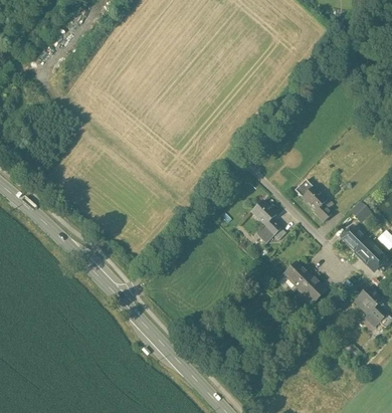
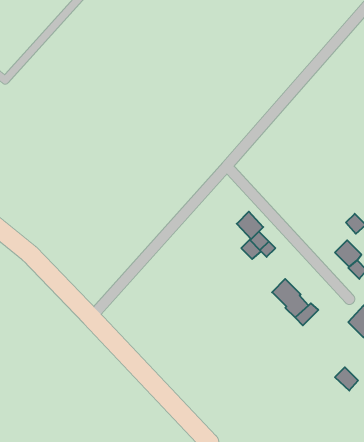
building: [293,179,331,221] -> none

